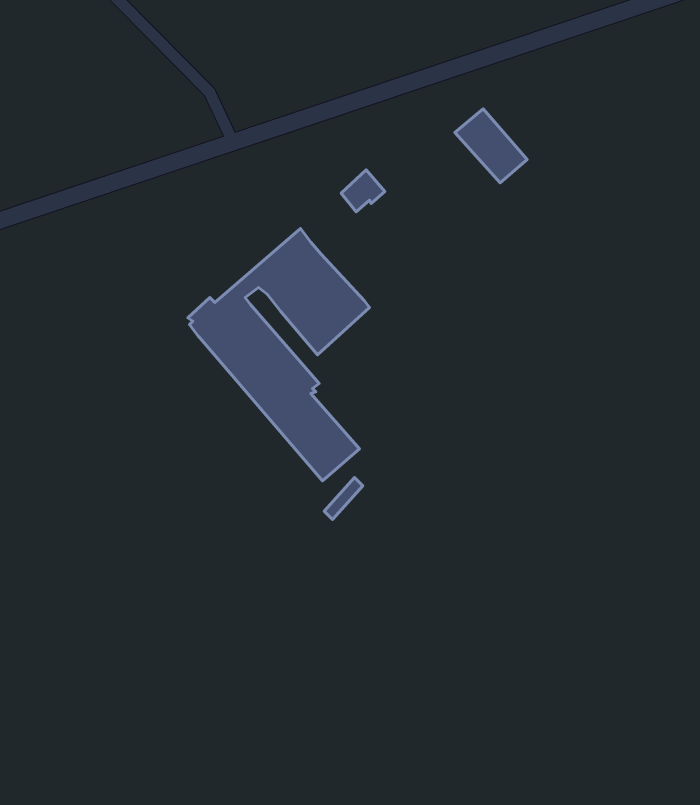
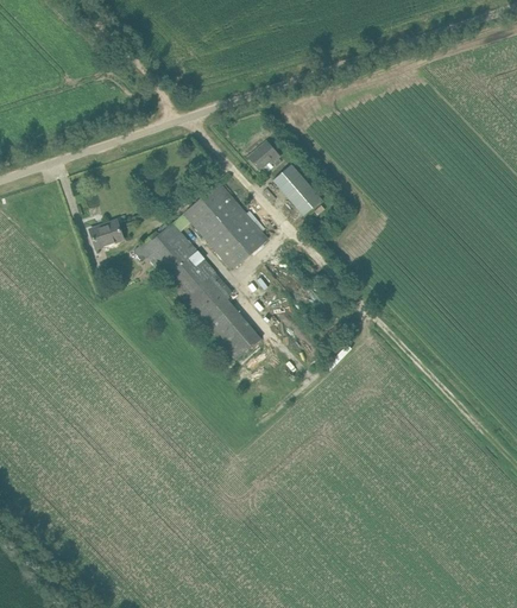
building: [455,109,527,183] -> [270,164,321,216]
building: none -> [88,218,125,256]

